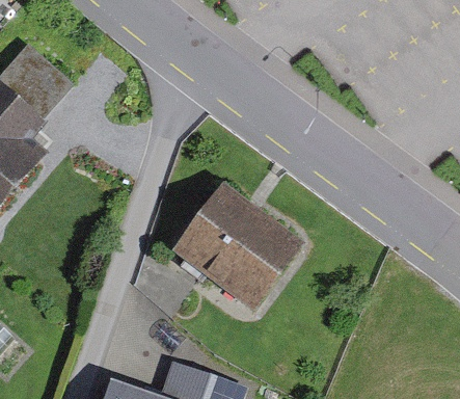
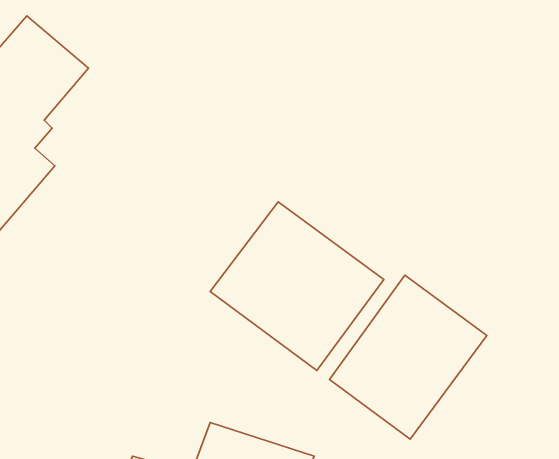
building: none -> [330,275,487,439]

